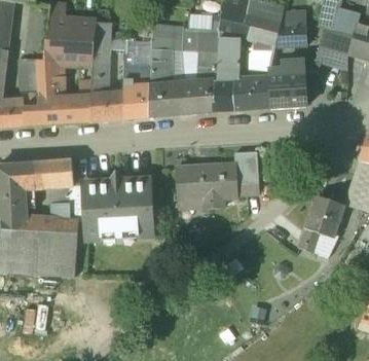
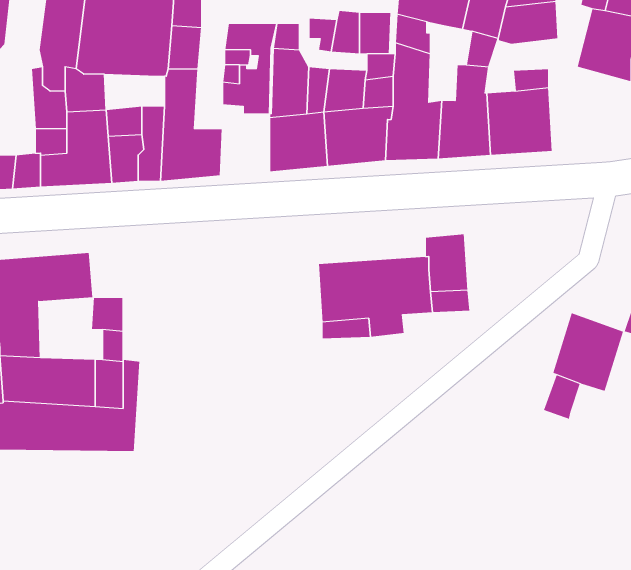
building: [123,79,150,118] -> none
building: [51,158,75,185] -> none
building: [84,177,153,238] -> none

